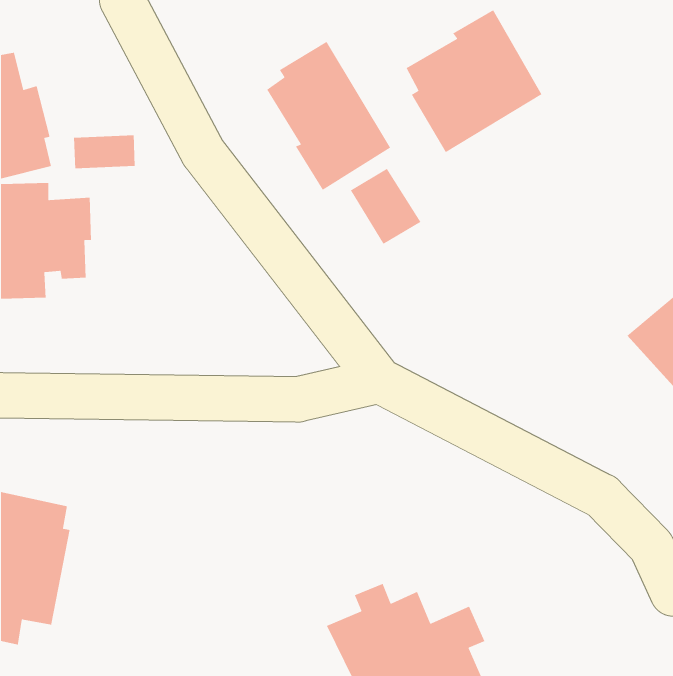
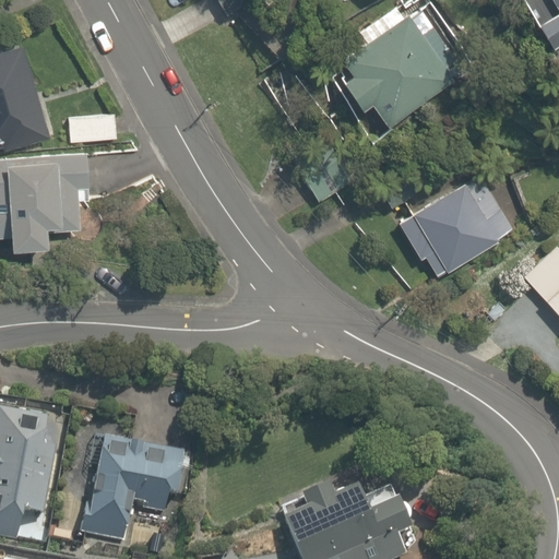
building: [266,41,391,191] -> none
building: none -> [402,178,519,278]
building: none -> [74,437,190,535]

